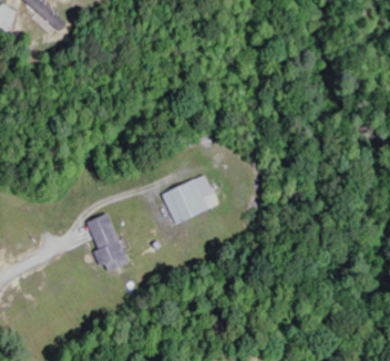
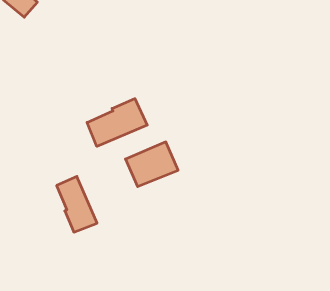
building: none -> [87,99,147,146]

